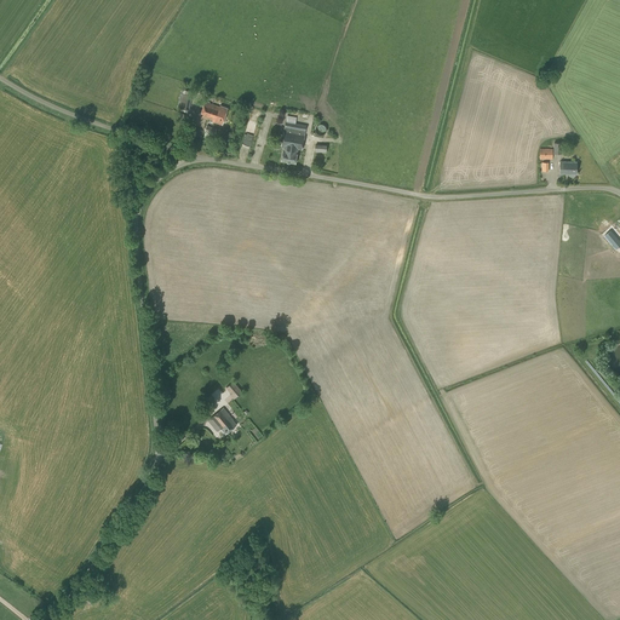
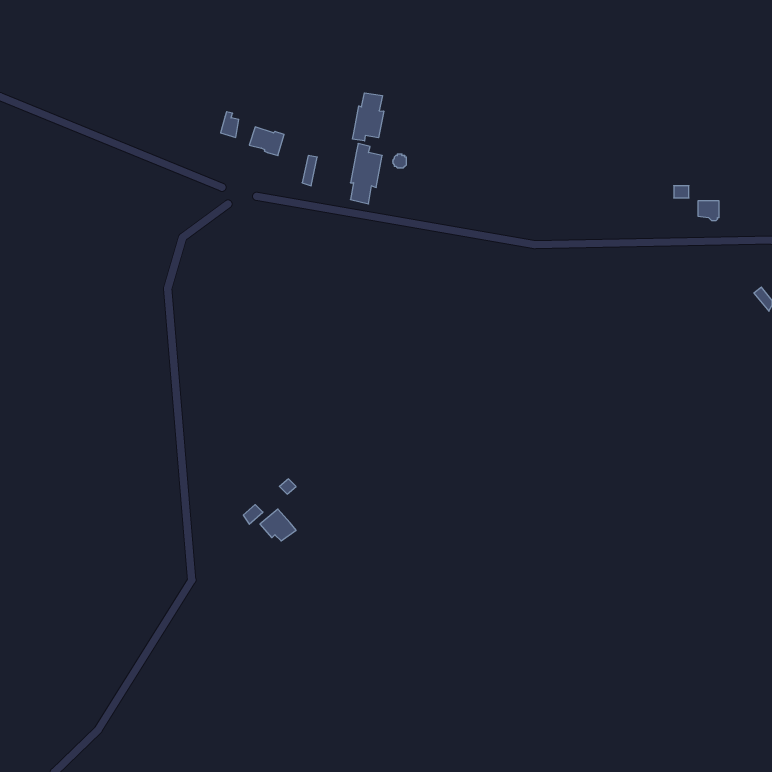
building: none -> [353,93,384,141]

